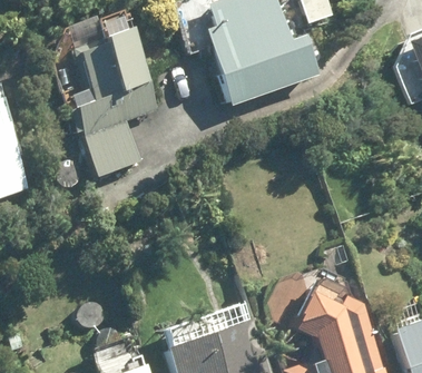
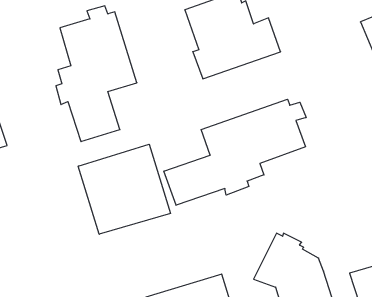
building: none -> [164,99,306,205]
building: none -> [78,144,171,234]

